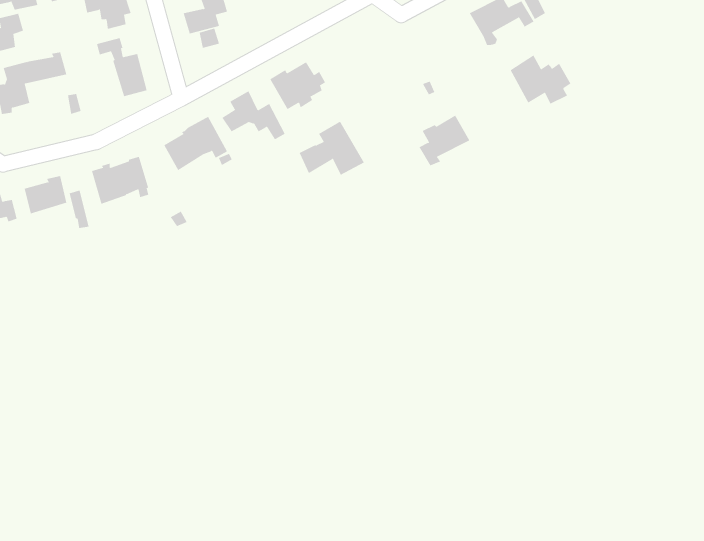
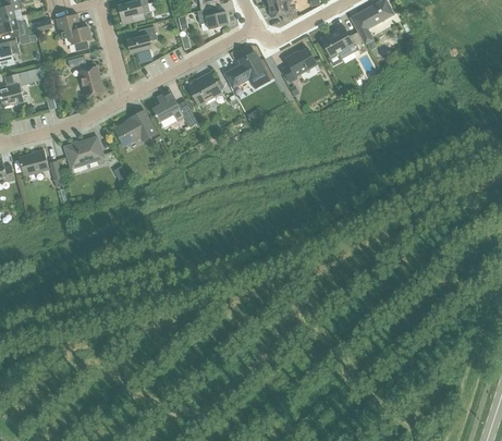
building: [510,55,571,104] -> none
building: [419,115,470,166] -> [282,47,317,82]
building: [299,121,365,175] -> [225,51,270,88]

